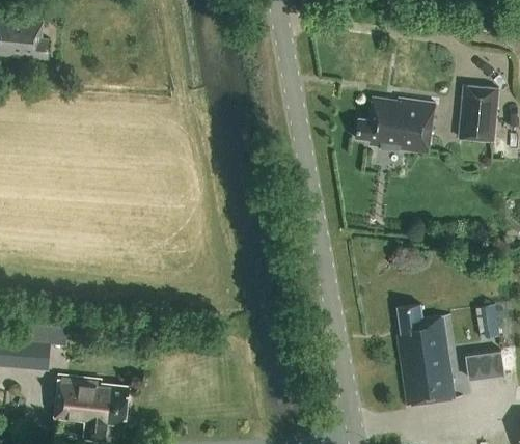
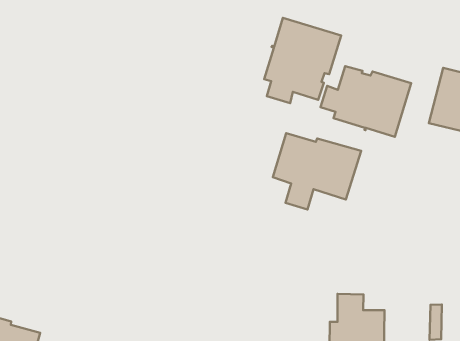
building: none -> [264,18,341,103]
building: none -> [273,133,361,210]

